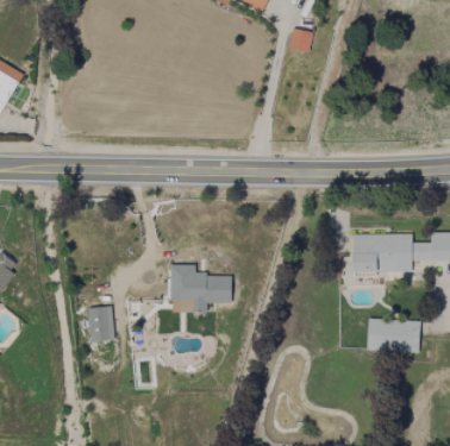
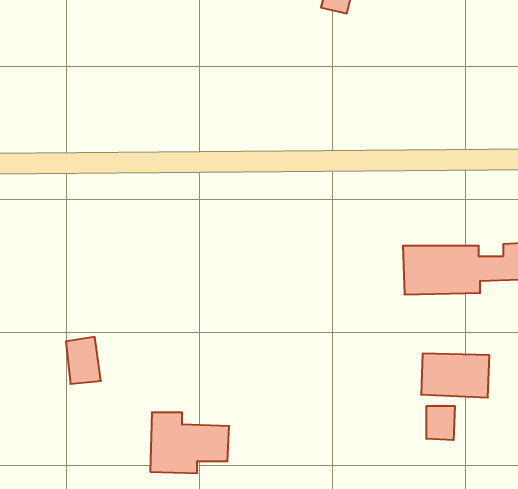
building: [170,265,232,313] -> [150,412,229,473]
building: none -> [426,406,455,440]

